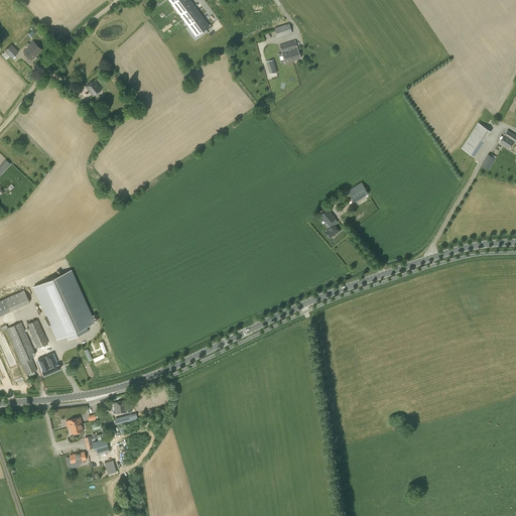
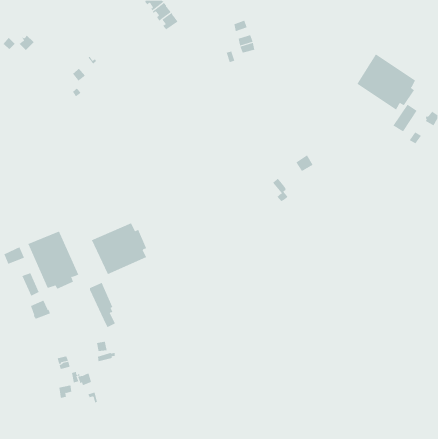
building: none -> [356,54,416,110]
building: none -> [91,222,147,275]
building: [5,321,36,375] -> [89,282,116,328]

